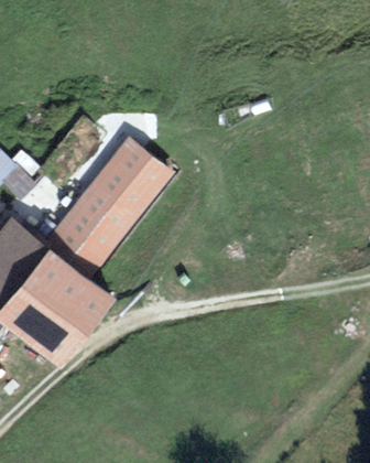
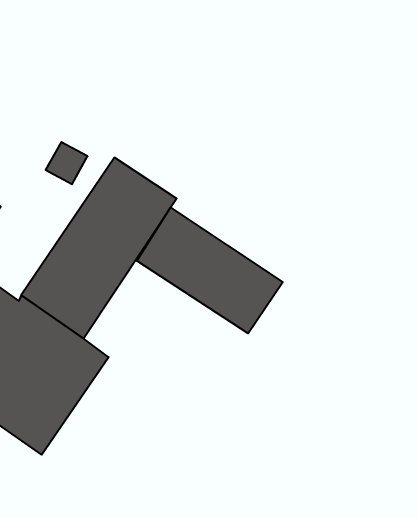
building: none -> [137,207,283,333]

